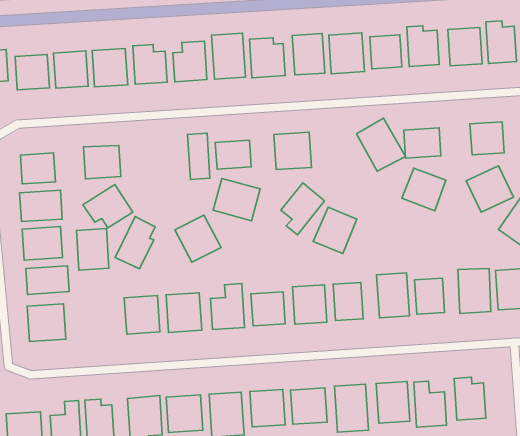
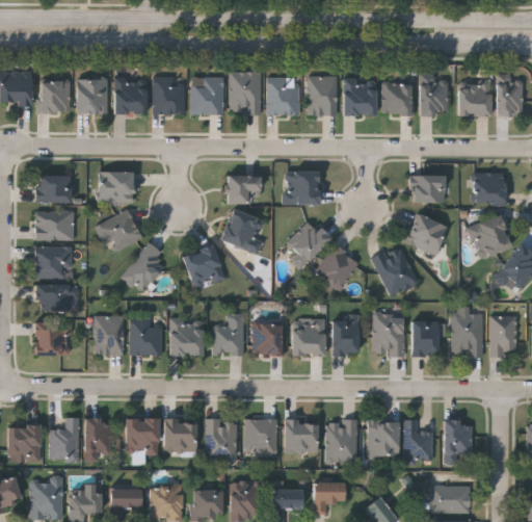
building: [357,118,405,171] -> [372,244,418,295]
building: [188,133,210,179] -> none
building: [76,229,109,270] -> [95,315,124,354]

